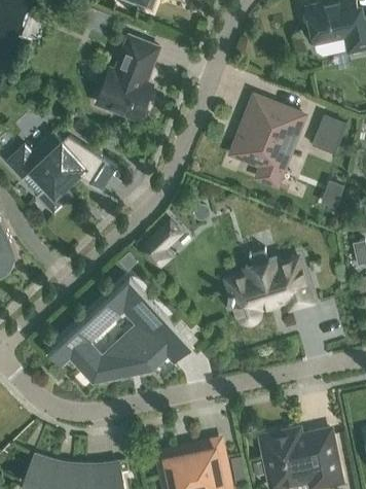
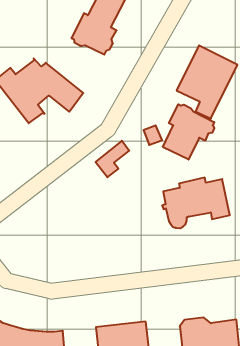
building: none -> [163,104,214,160]
building: [49,278,192,379] -> none

